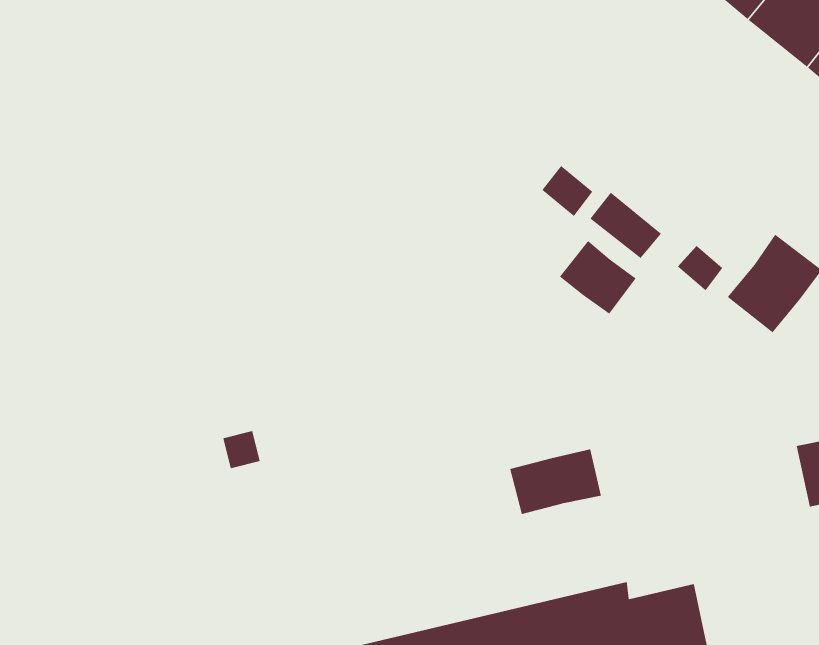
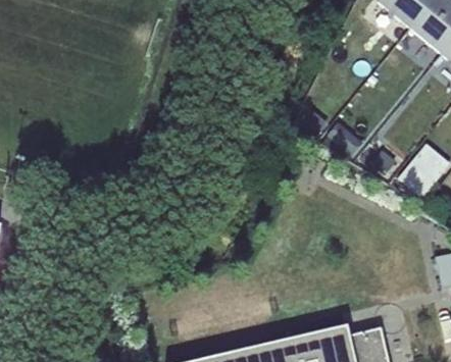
building: [559,240,637,315] -> none
building: [509,448,602,515] -> none

